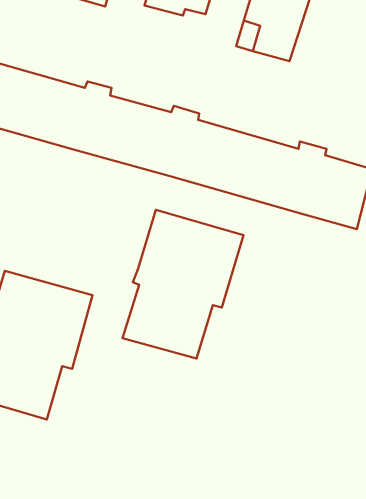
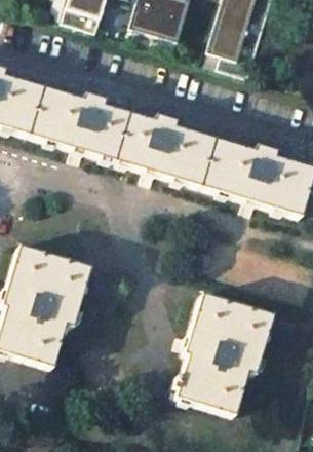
building: [123,210,243,358] -> [171,294,269,414]

